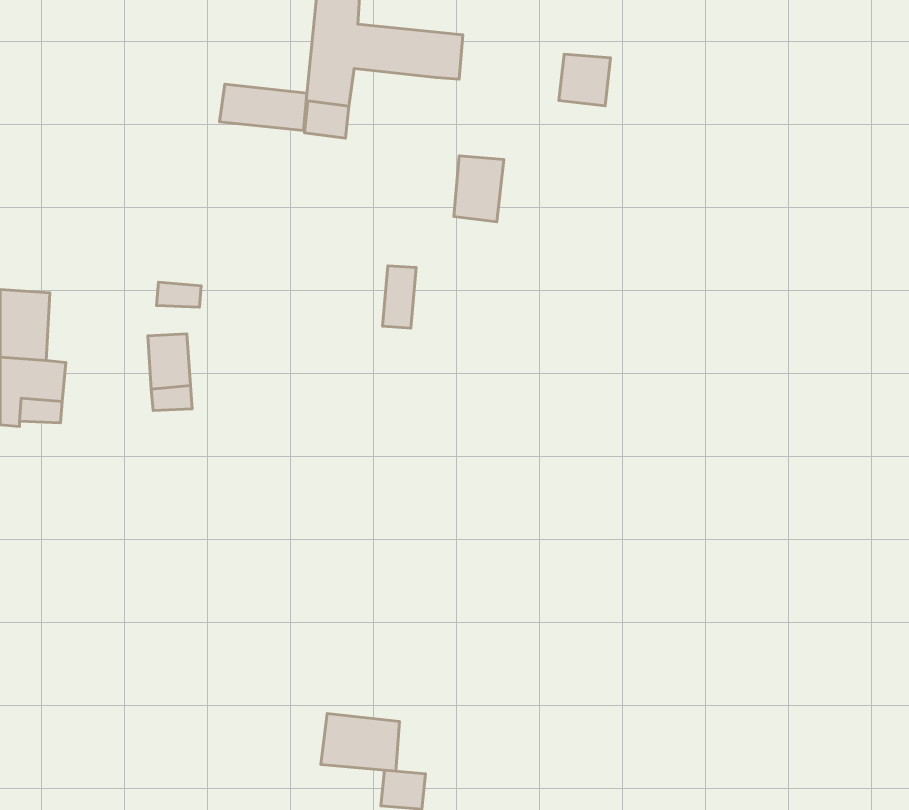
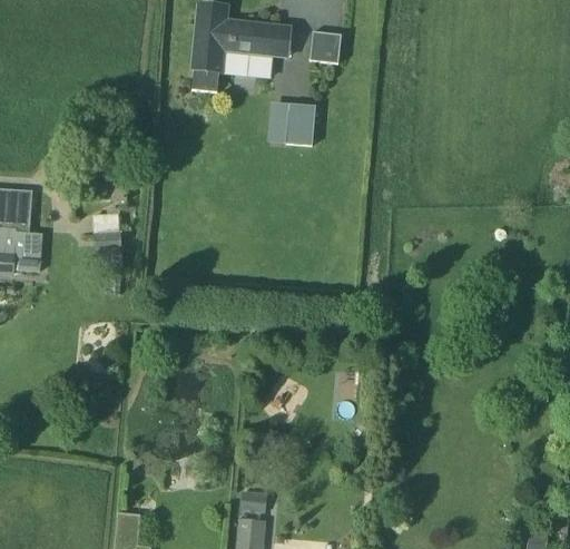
building: [559,54,610,106] -> [308,31,341,63]
building: [220,84,307,131] -> [218,49,273,78]
building: [382,266,416,328] -> [266,102,287,141]
building: [321,713,400,771] -> none

